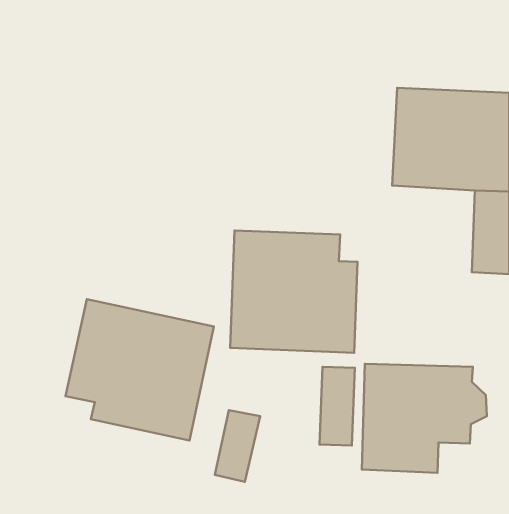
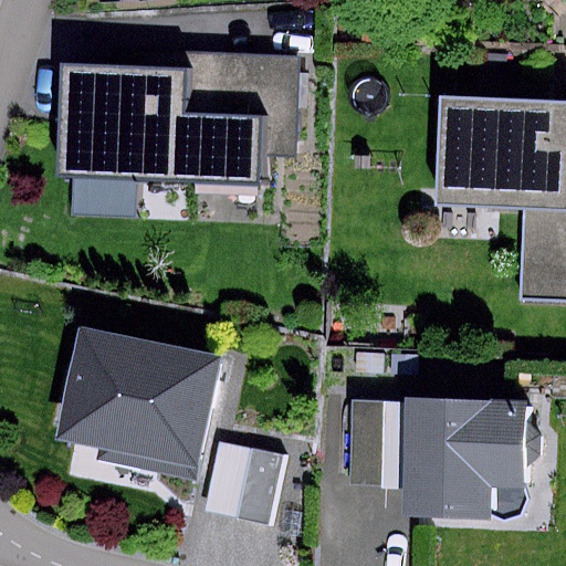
building: none -> [74,48,308,172]
building: [230,231,358,353] -> none

